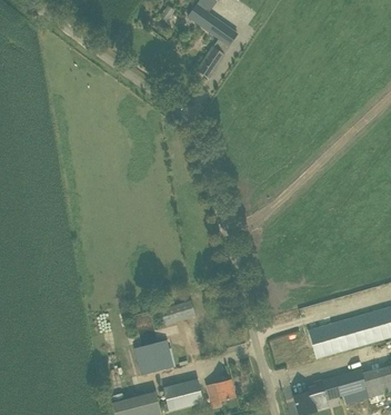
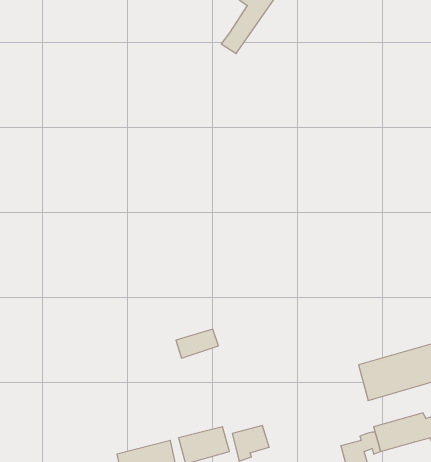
building: [133,340,173,376] -> none

